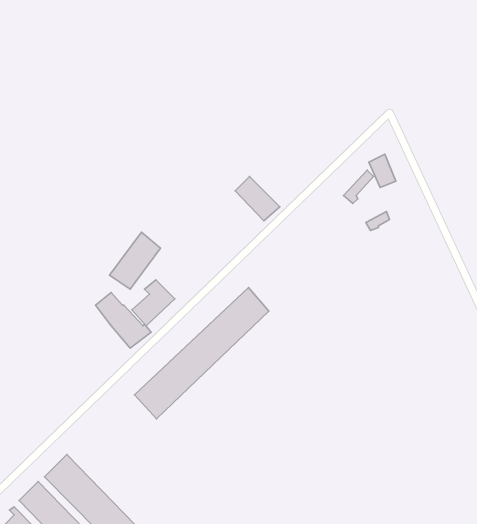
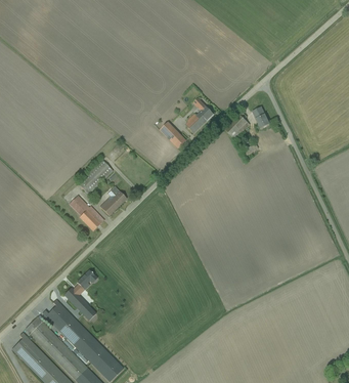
building: none -> [185,97,212,132]
building: [134,287,269,419] -> none
building: none -> [64,269,97,321]

